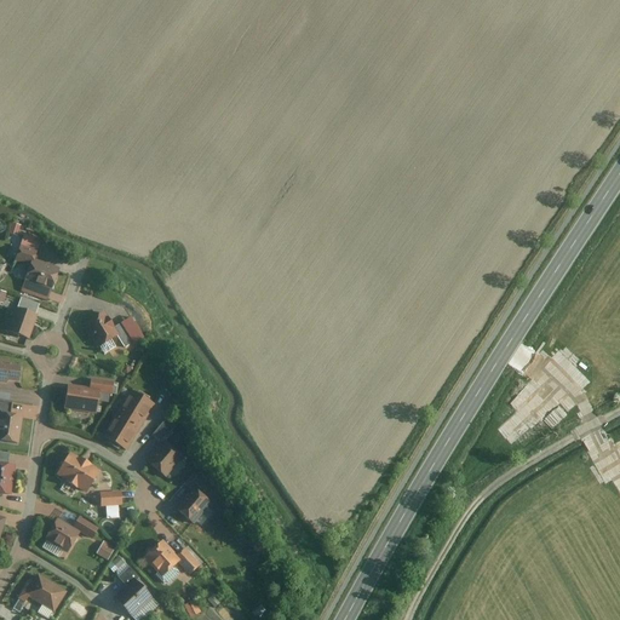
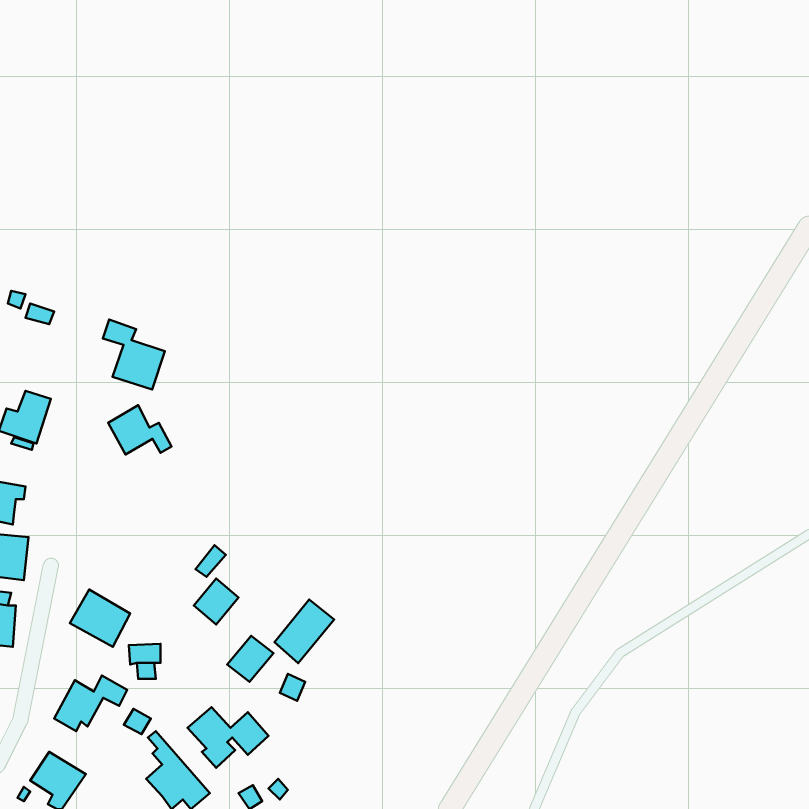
building: [11,246,58,299] -> [103,319,165,389]
building: [65,377,113,411] -> none
building: [102,388,151,447] -> none
building: none -> [274,599,334,663]

